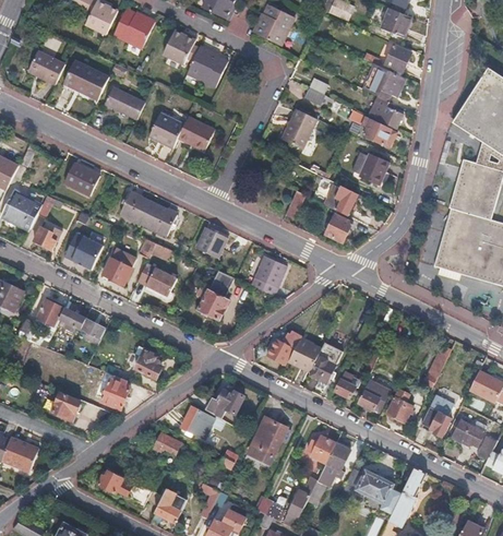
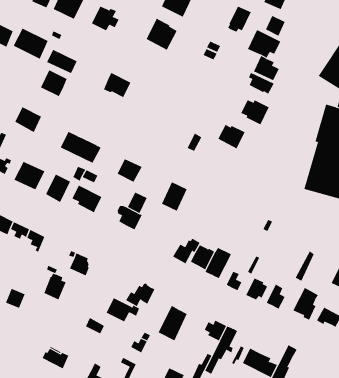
building: none -> [228,6,251,33]
building: [187,46,227,87] -> [146,18,177,50]
building: [280,107,318,147] -> none
building: [148,114,183,148] -> [40,70,68,97]
building: [326,213,354,242] -> none

